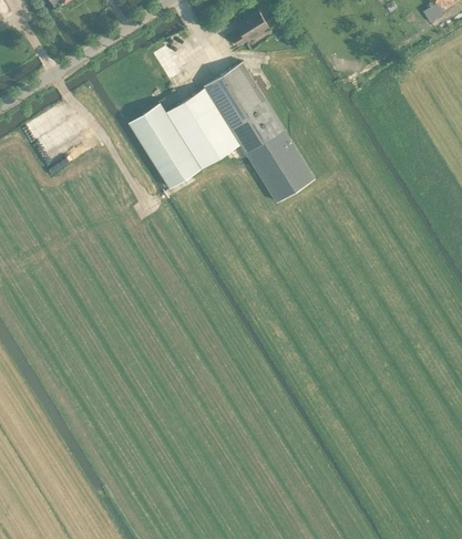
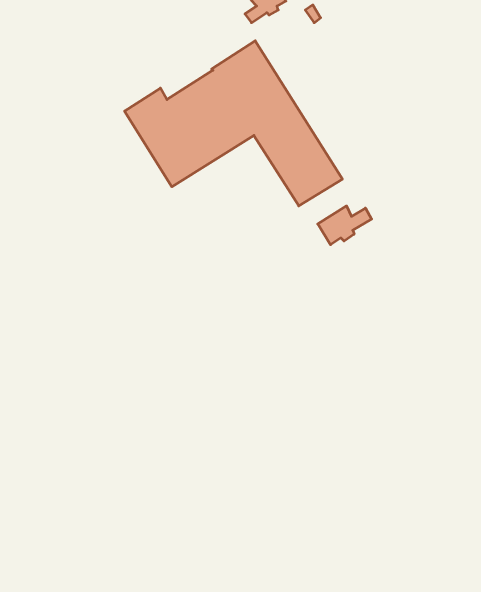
building: none -> [318,206,372,245]

